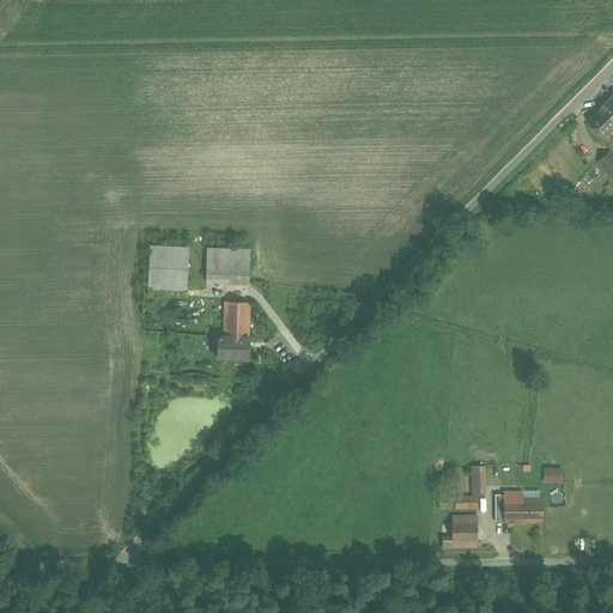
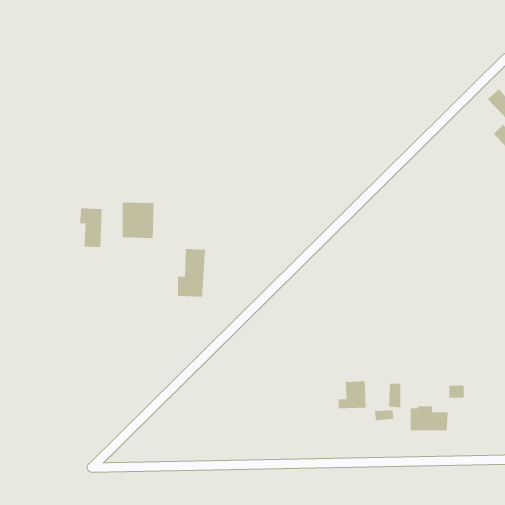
building: [206,248,249,283] -> none
building: none -> [79,207,102,248]
building: [444,514,479,547] -> [338,381,367,409]

